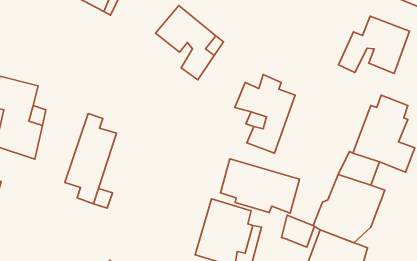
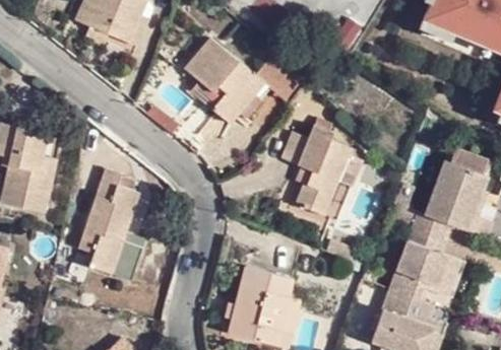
building: [338,16,410,73] -> none
building: [220,159,299,213] -> none
building: [282,215,314,247] -> none

